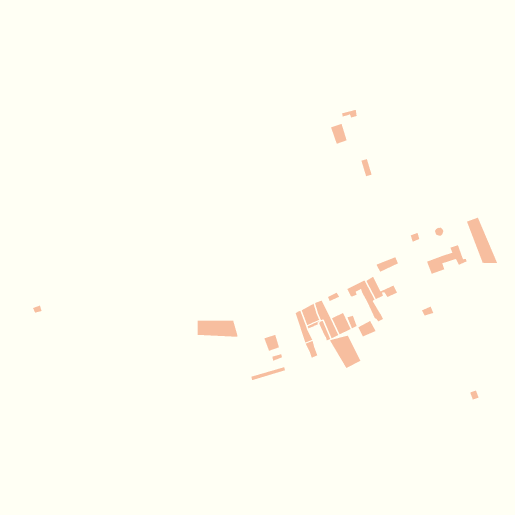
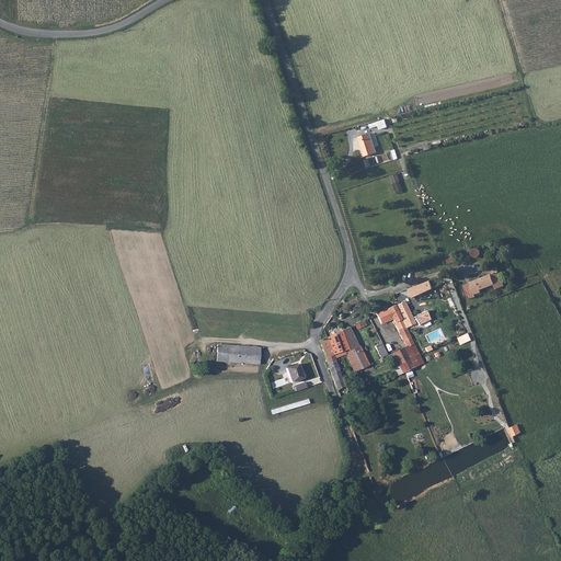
building: [466,217,498,264] -> none
building: [329,335,361,369] -> none

